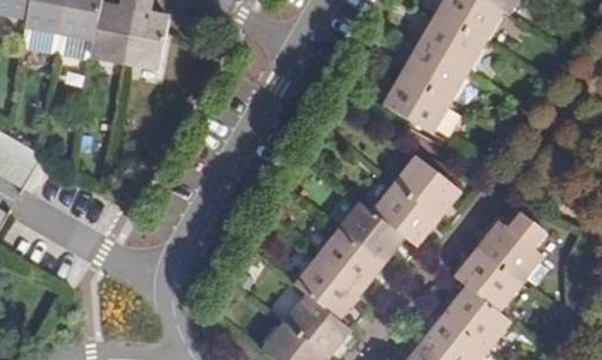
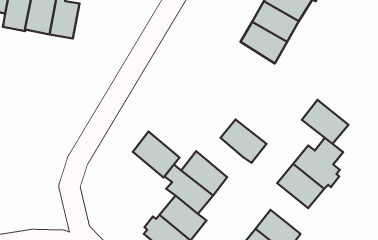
building: [381,72,452,133] -> none
building: [393,155,460,218] -> [302,100,348,144]
building: [336,200,404,266] -> [133,132,179,178]
building: [443,284,509,348] -> none

